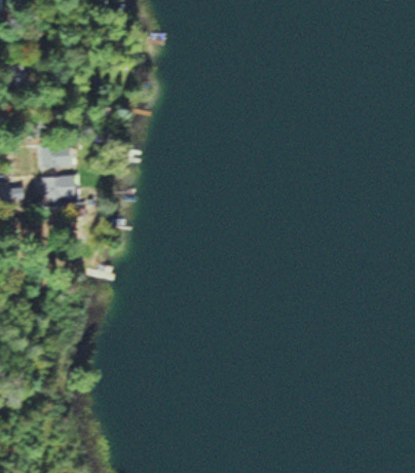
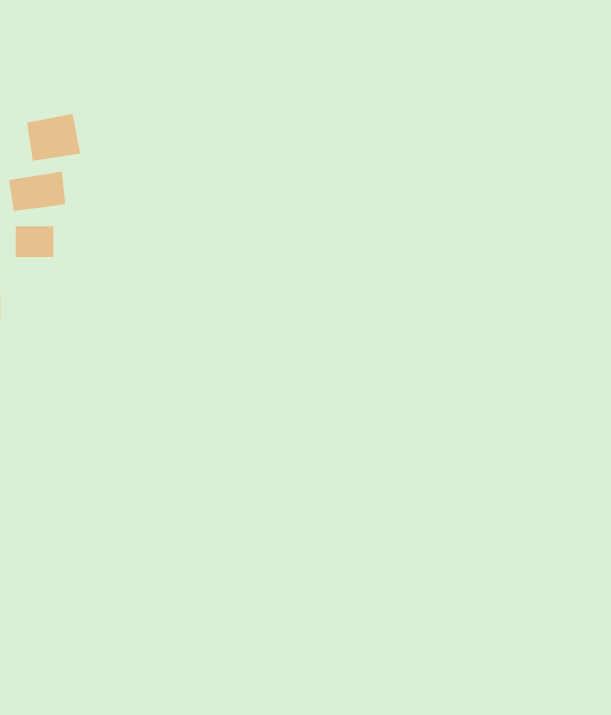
building: none -> [26,113,81,162]

